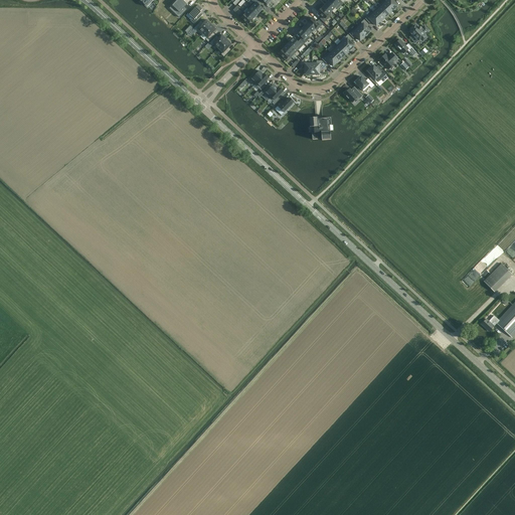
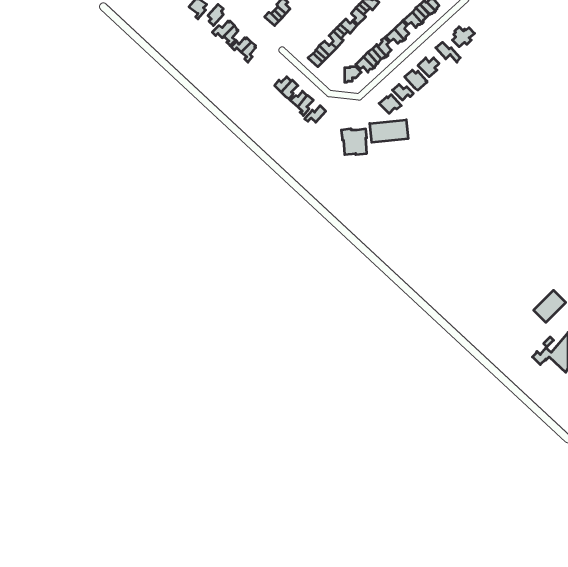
building: none -> [370,120,408,142]

